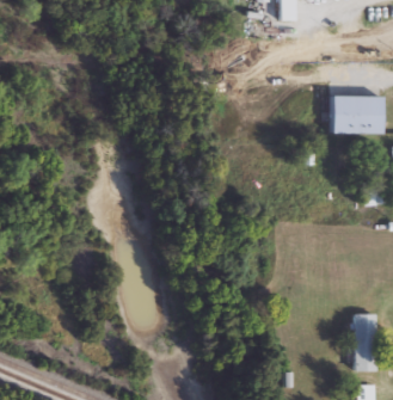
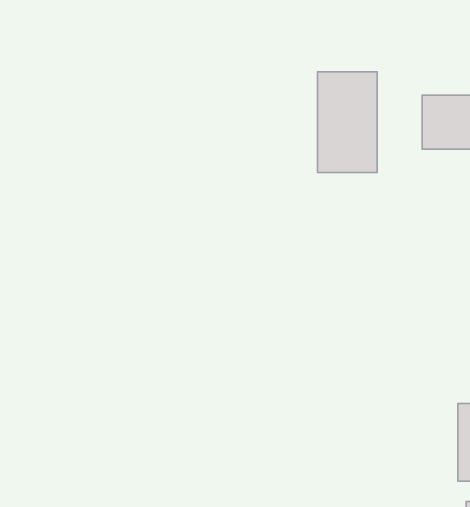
building: none -> [317,72,377,172]

